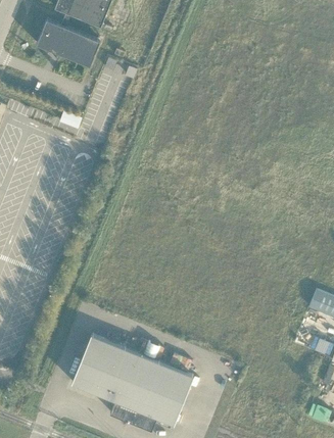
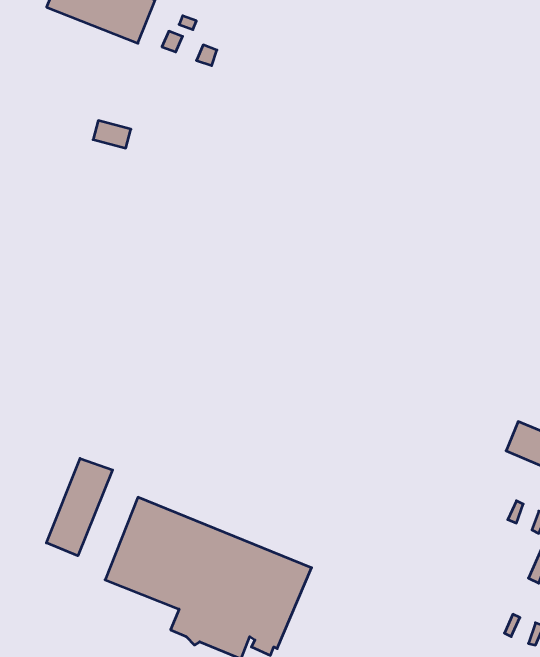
building: none -> [46,458,113,556]

